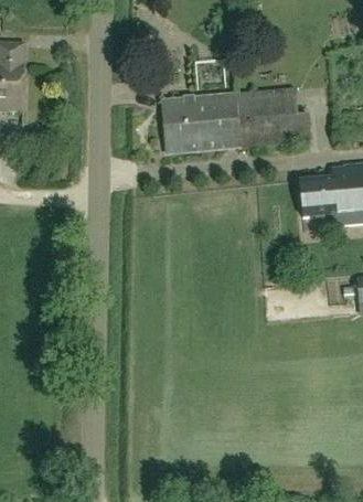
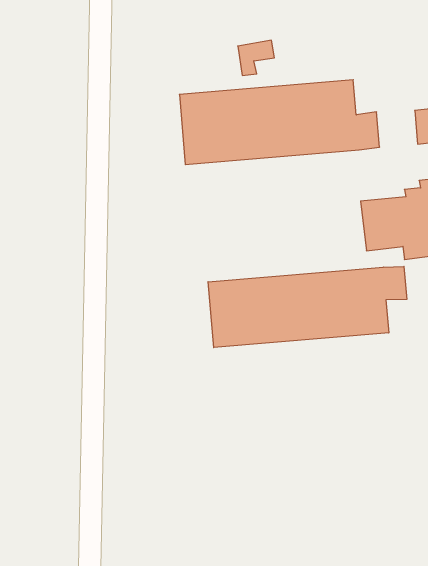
building: none -> [208,266,407,348]

